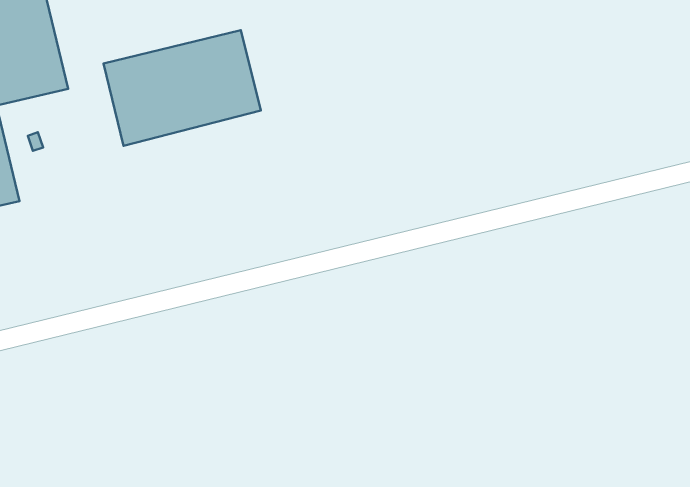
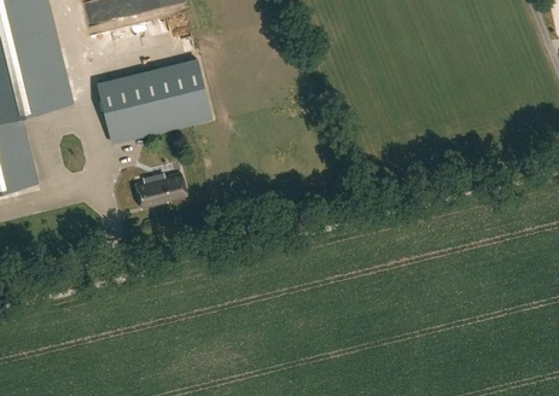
building: none -> [134,173,186,209]

